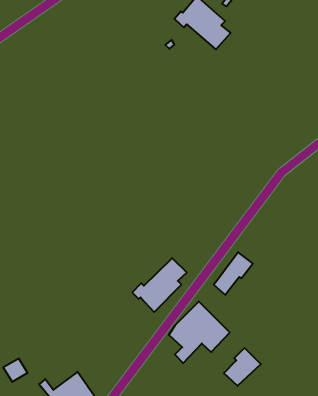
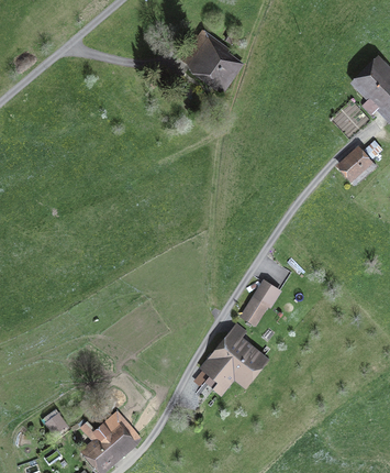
building: [132,258,187,312] -> none
building: [224,348,261,386] -> none

